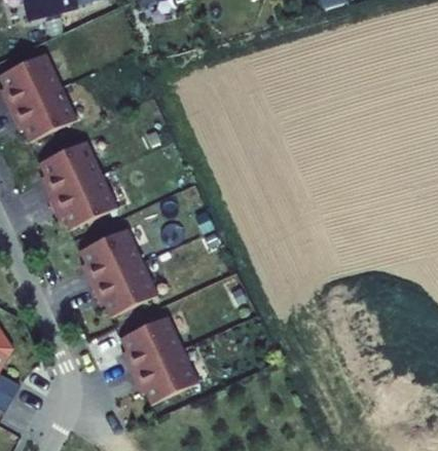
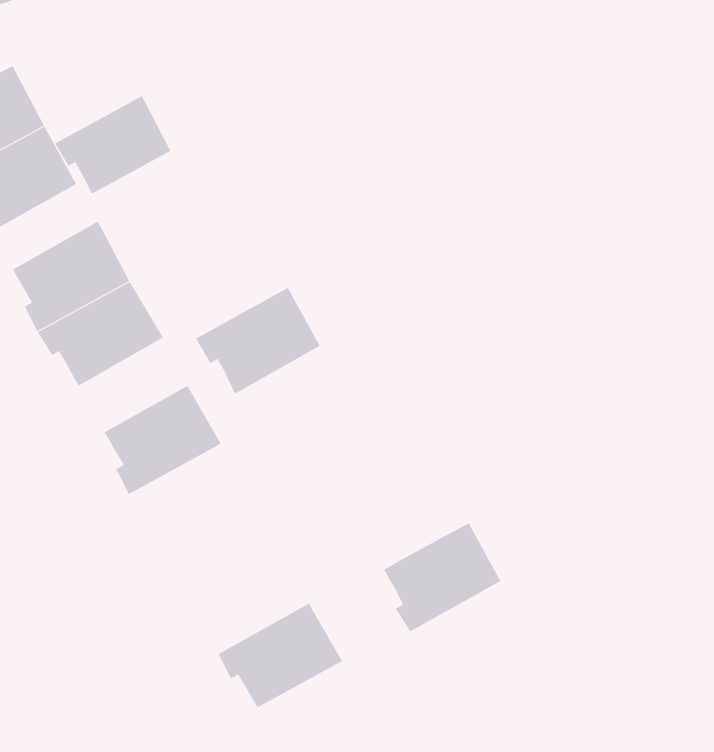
building: none -> [54,95,171,194]
building: [94,263,161,320] -> [195,287,320,395]
building: [124,320,188,377] -> [383,523,501,632]

